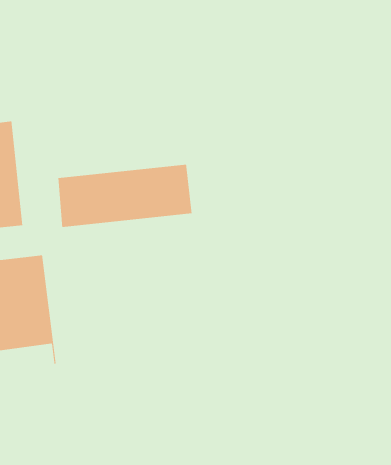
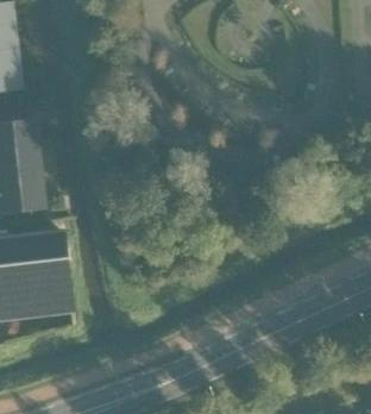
building: [58,164,192,228] -> none

